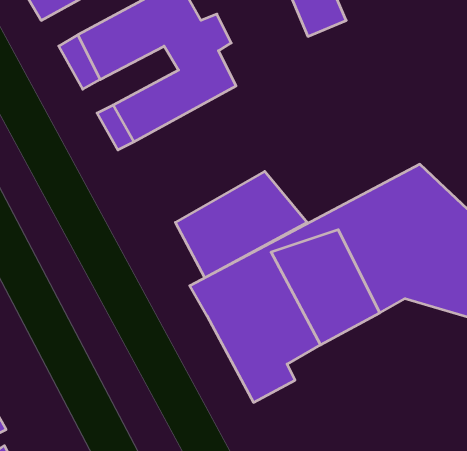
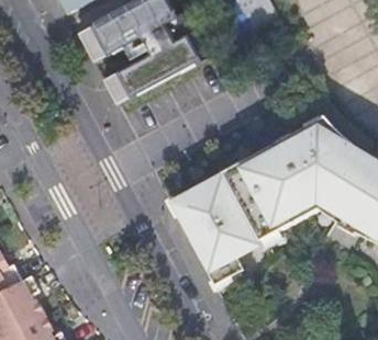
building: [175,171,307,278] -> none

